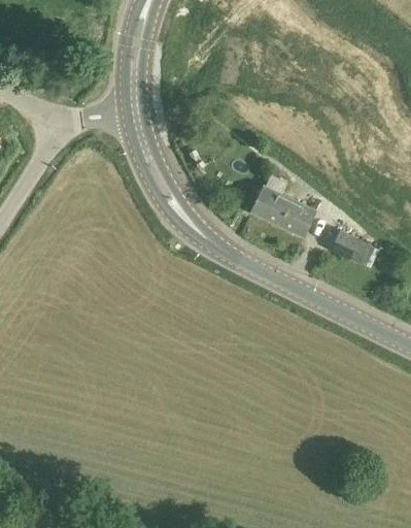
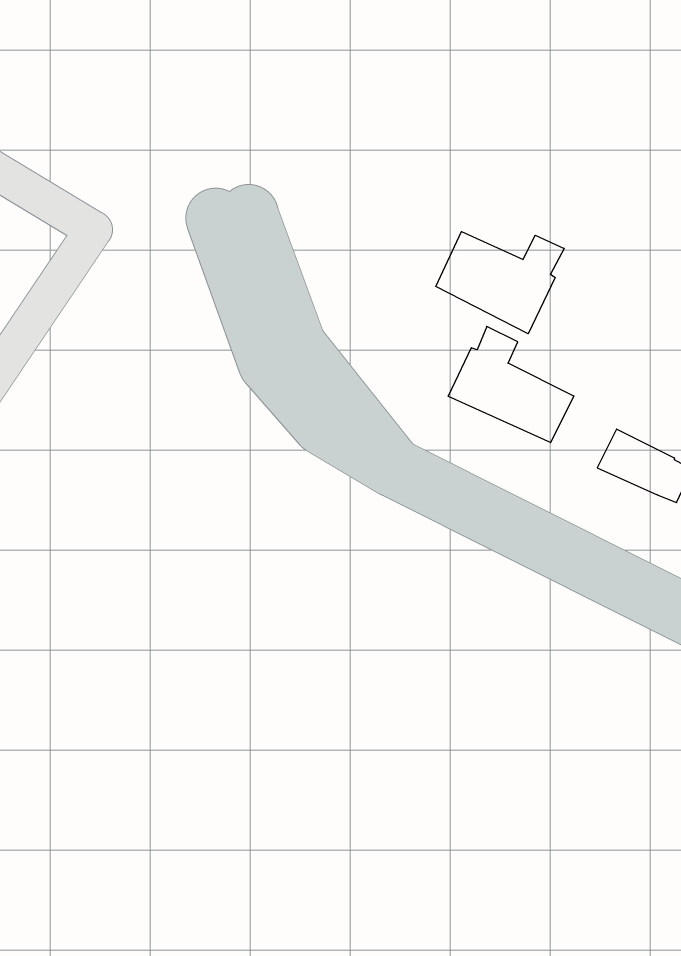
building: none -> [436,232,564,334]

